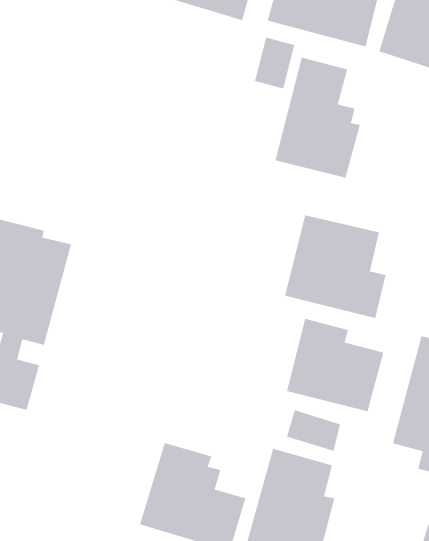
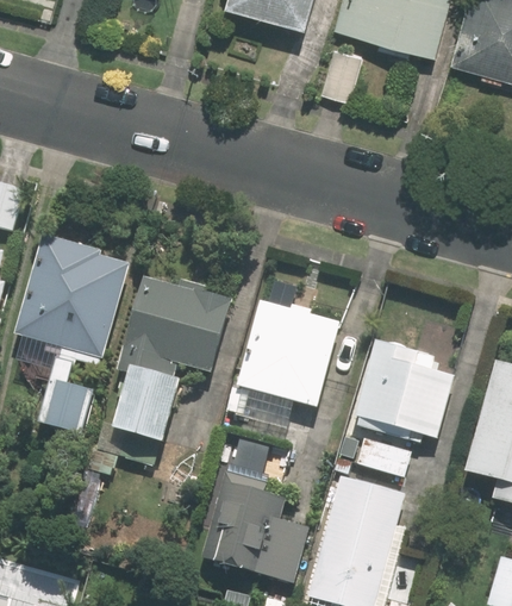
building: [275,57,360,179] -> none
building: [285,214,386,319] -> none
building: none -> [113,273,232,442]
building: none -> [224,302,337,429]

